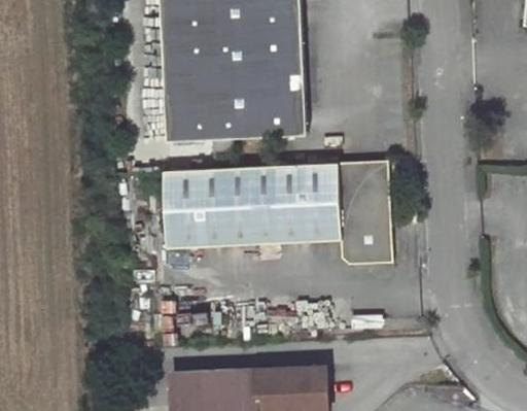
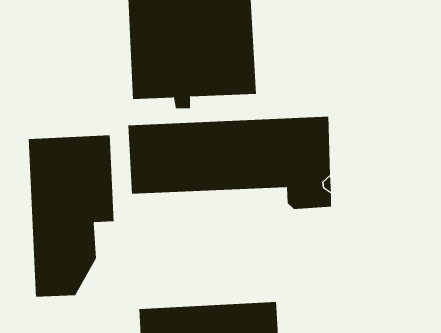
building: none -> [28,134,114,297]

